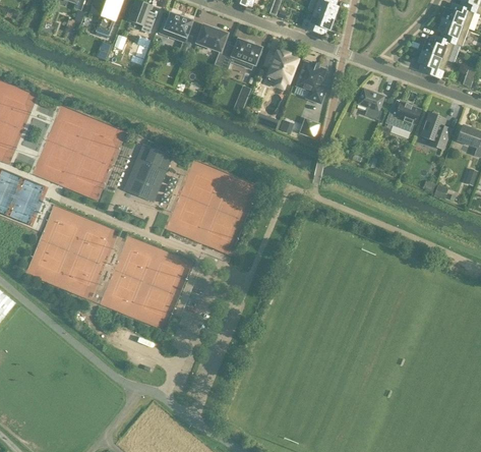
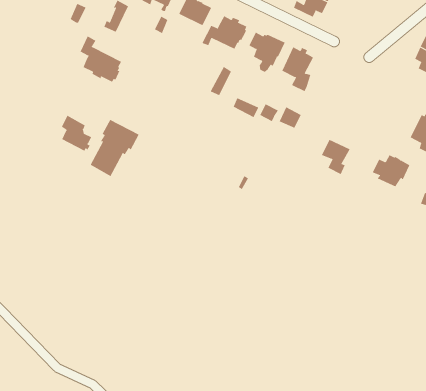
building: none -> [80,36,122,82]
building: [357,89,383,120] -> [321,139,350,175]
building: [385,102,420,131] -> [372,154,410,187]
building: none -> [61,115,92,152]

